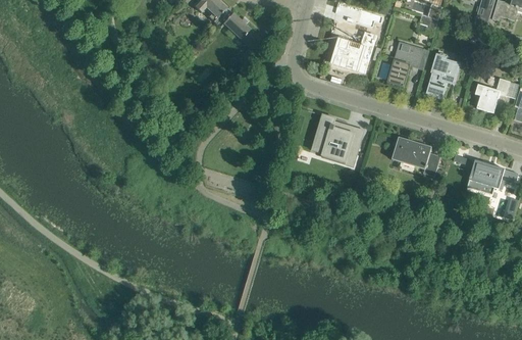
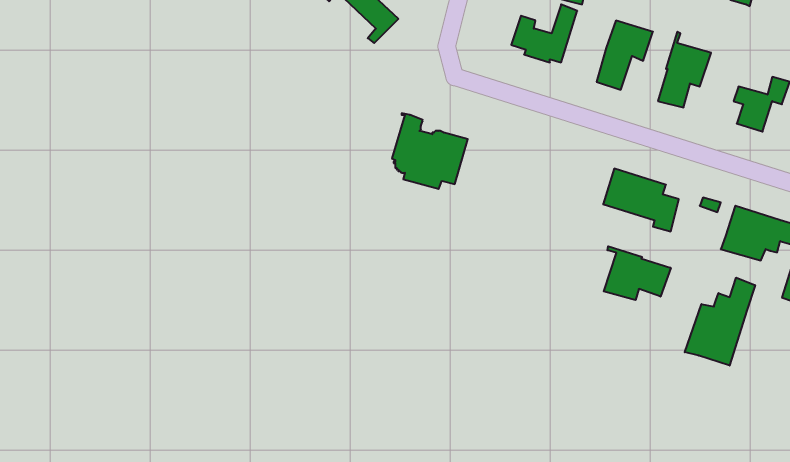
building: [315,113,363,161] -> [392,113,468,189]
building: none -> [604,246,671,300]
building: none -> [685,278,755,366]

